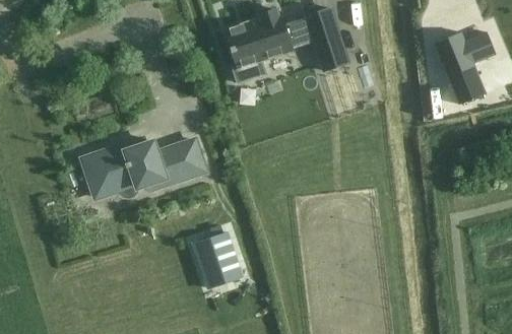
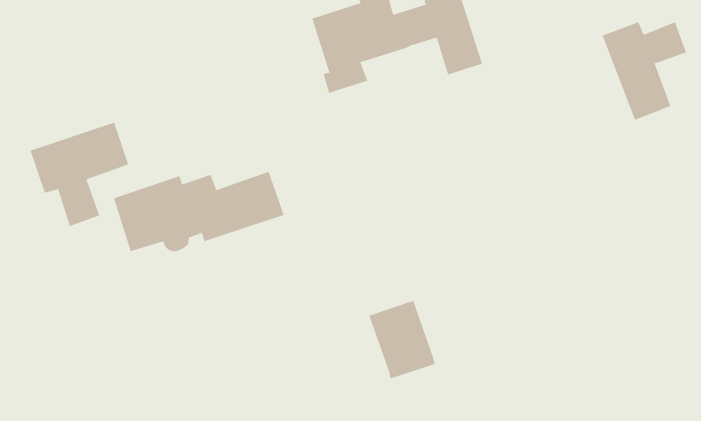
building: none -> [30,122,129,227]
building: [196,230,245,287] -> [369,300,436,379]

